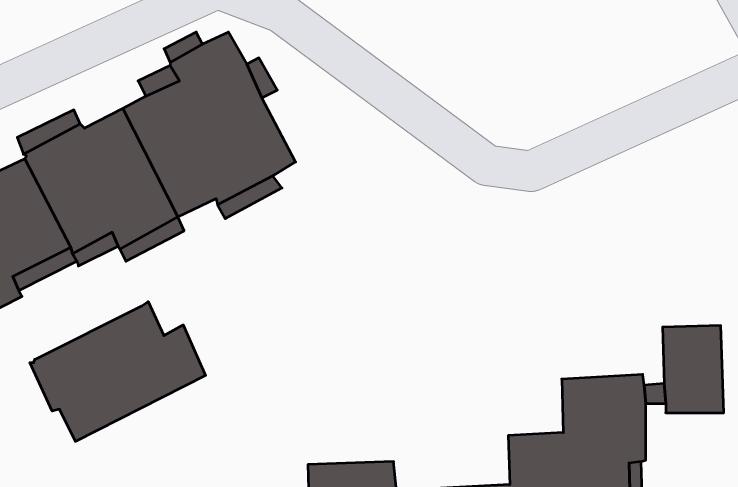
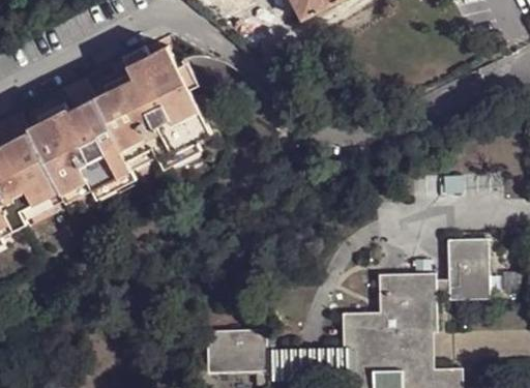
building: [30,302,206,441] -> none

